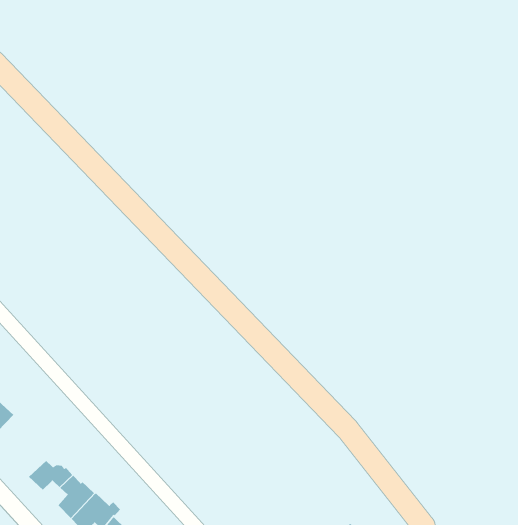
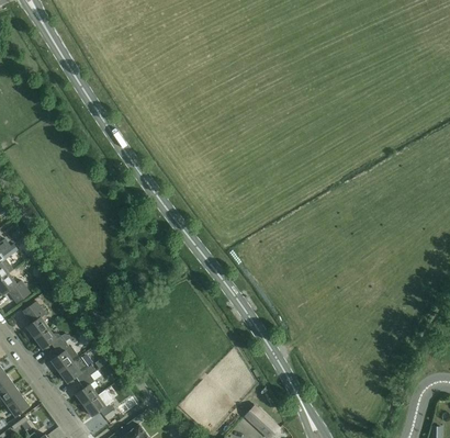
building: none -> [22,302,47,338]

